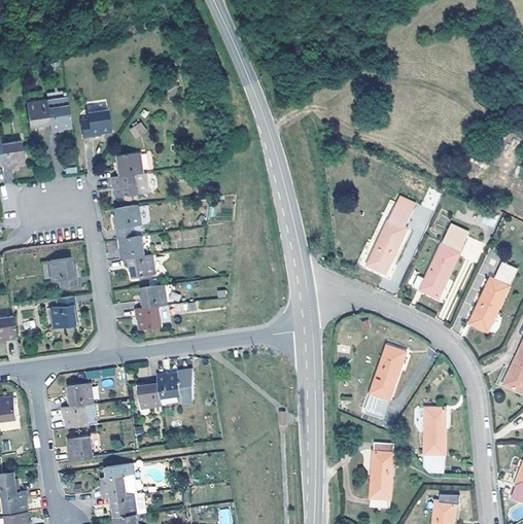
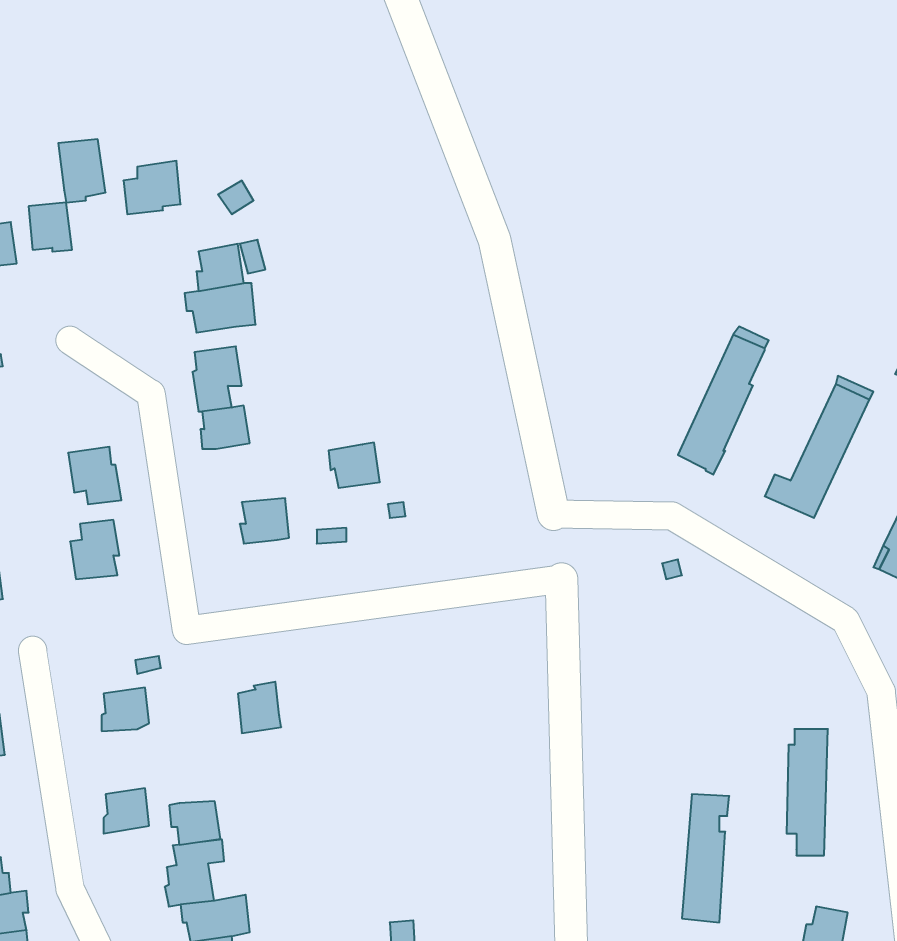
building: [25,100,47,126] -> [29,202,72,252]
building: [127,255,153,279] -> [329,443,380,488]
building: [134,307,161,329] -> none
building: [364,344,406,414] -> none
building: [156,371,190,404] -> none
building: [62,406,89,428] -> [169,801,221,845]

